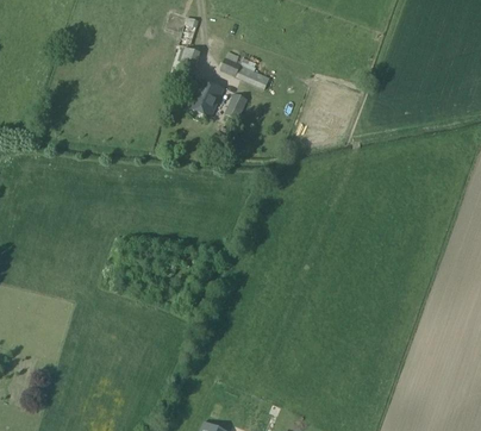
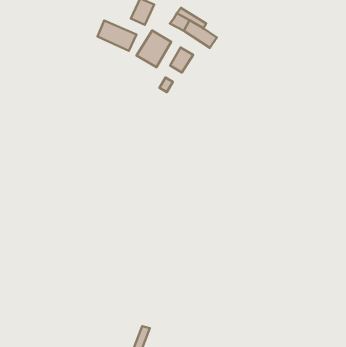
building: none -> [98,21,136,51]

